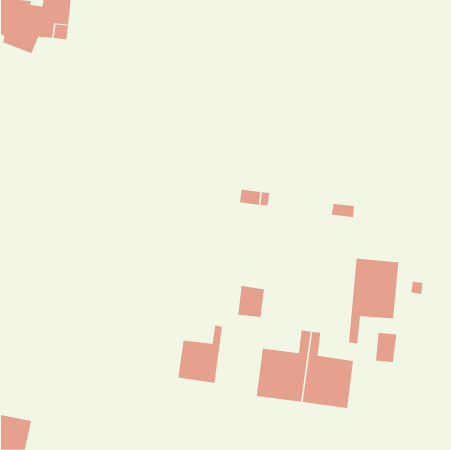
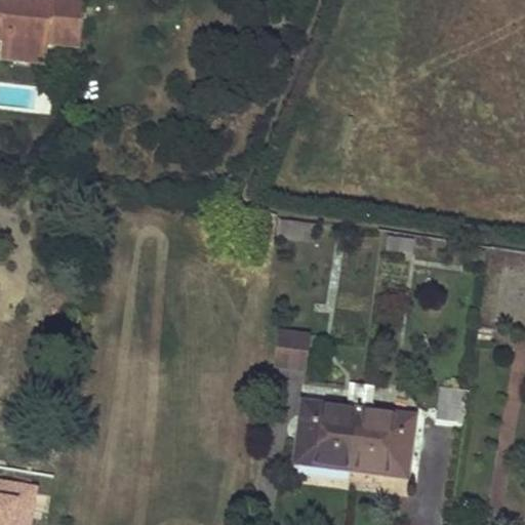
building: [349,258,399,344] -> none
building: [178,325,223,383] -> none

